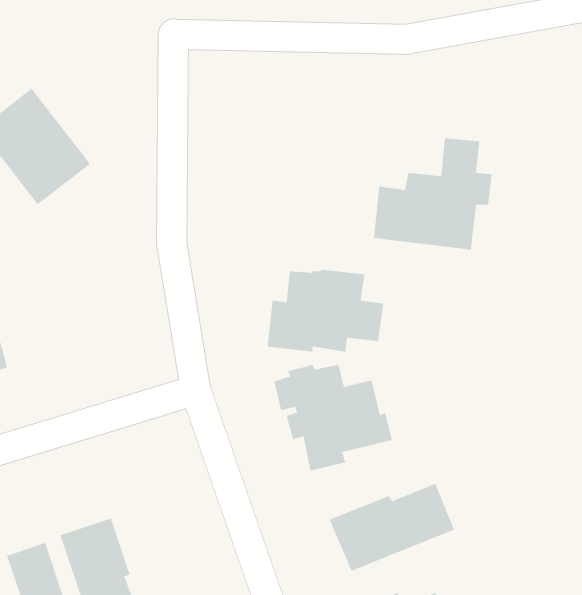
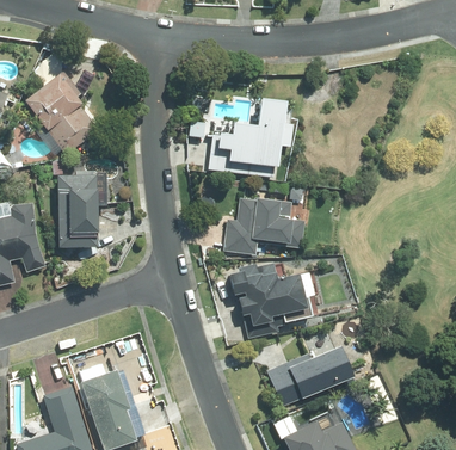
building: [373,138,492,250] -> [209,99,291,177]
building: none -> [56,172,105,247]

